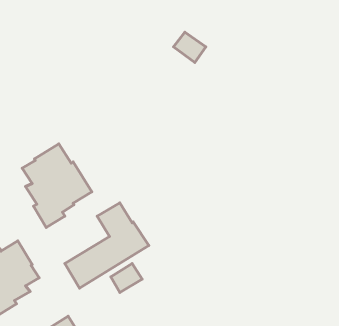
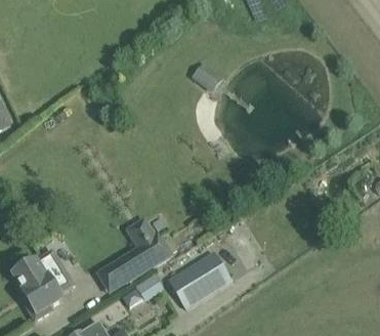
building: [22,144,92,228] -> none
building: none -> [167,251,230,307]

